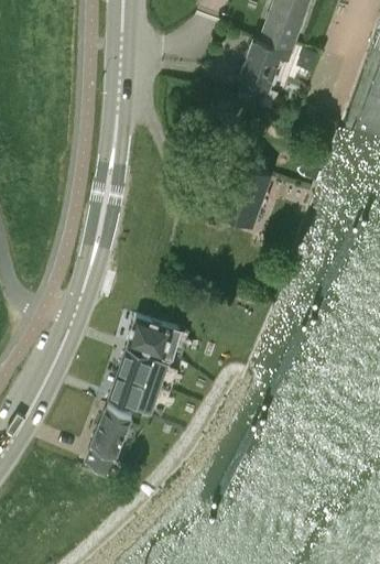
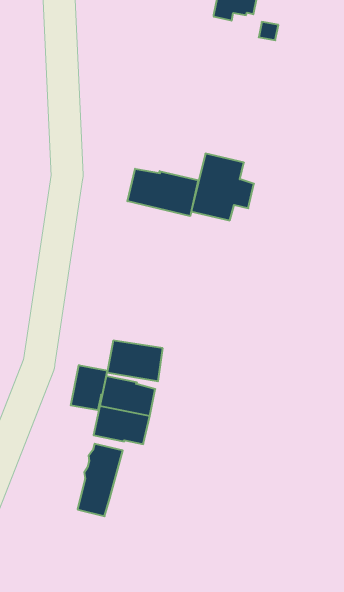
building: [238,37,295,104] -> none
building: none -> [127,169,198,216]
building: none -> [71,365,107,410]

